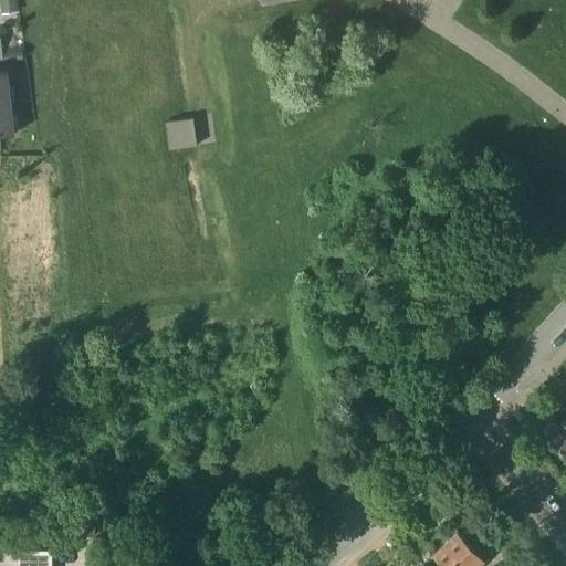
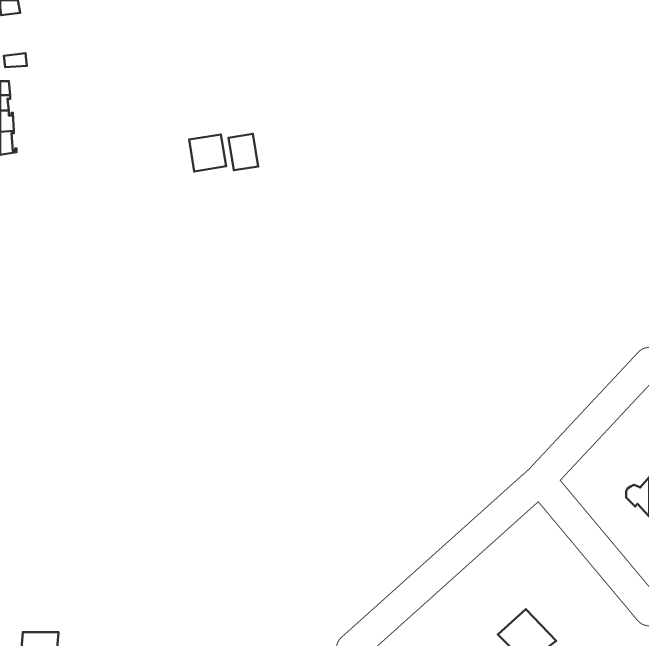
building: none -> [228,134,258,170]

